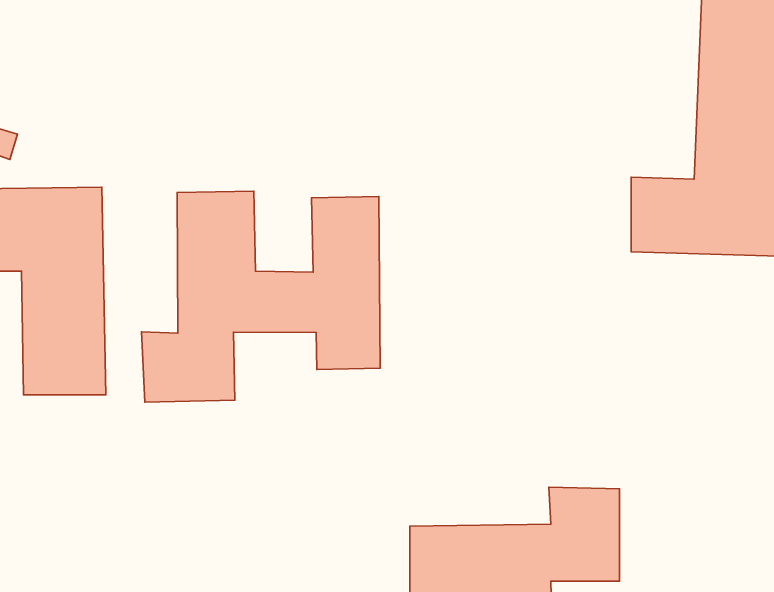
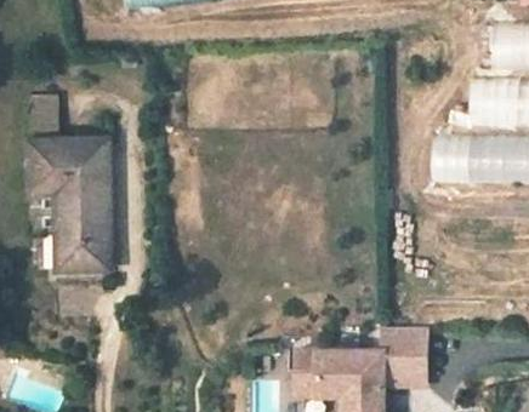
building: [141,191,380,402] -> none

